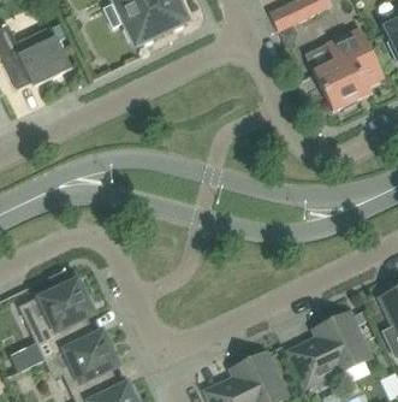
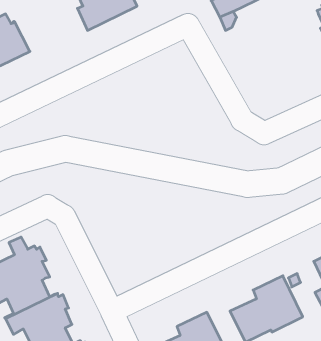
building: [311,26,382,111] -> none

